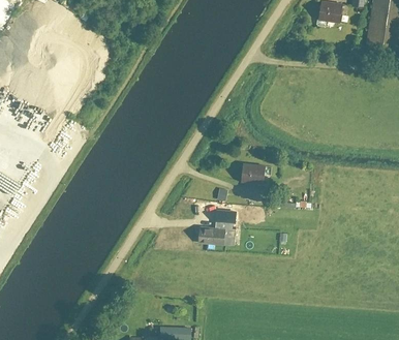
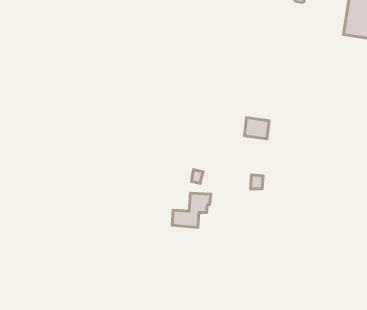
building: [240,163,264,184] -> [244,118,269,139]

